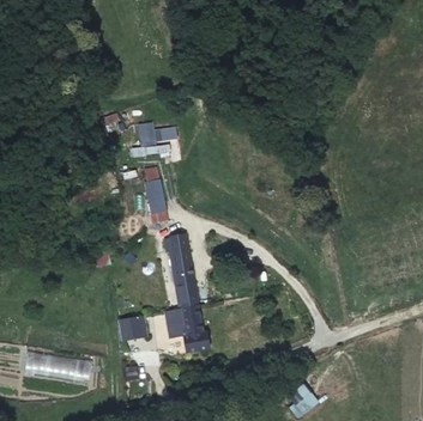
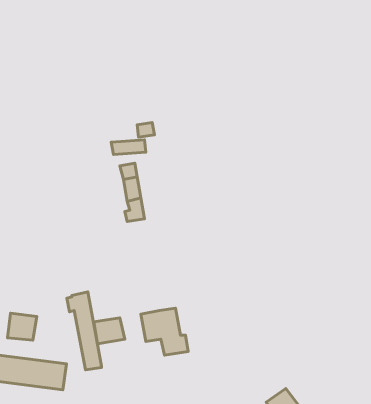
building: [162,232,195,307] -> [67,292,102,370]
building: none -> [8,313,37,340]

